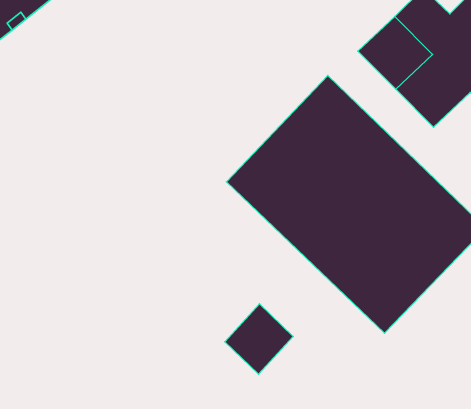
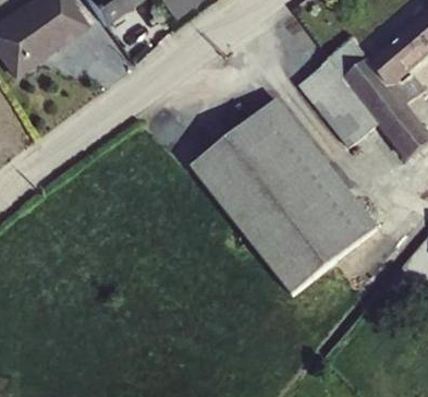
building: [225,304,293,374] -> none

